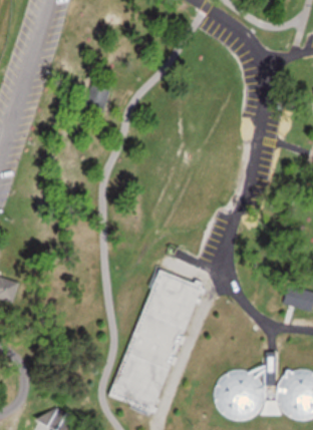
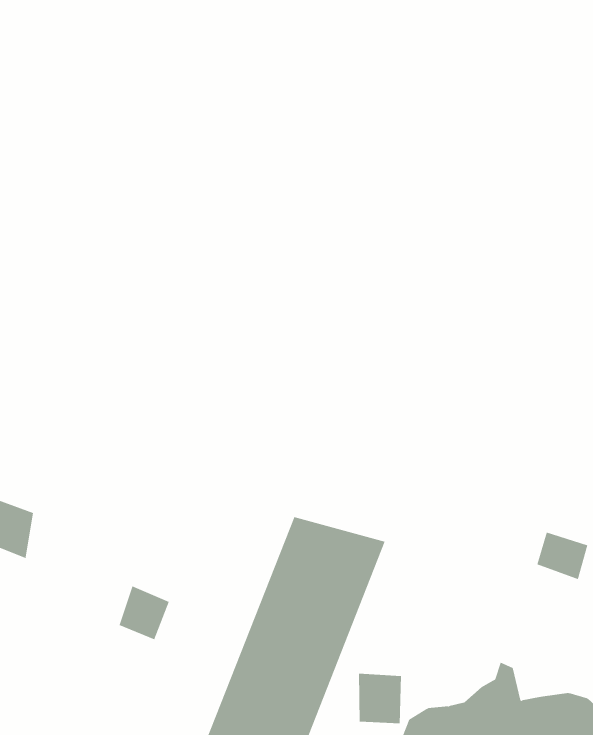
building: none -> [119,586,170,640]
building: none -> [359,673,402,724]

